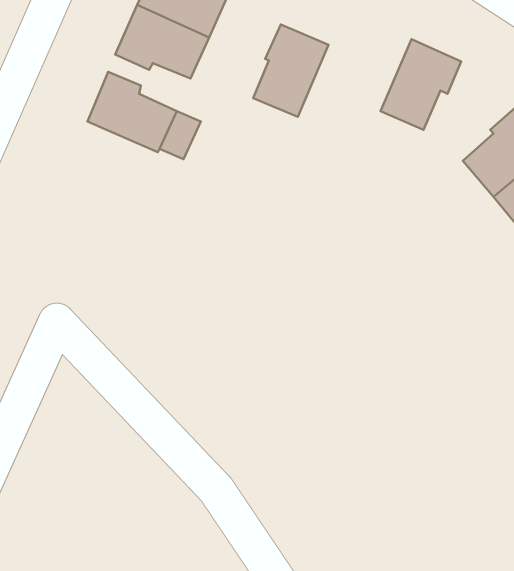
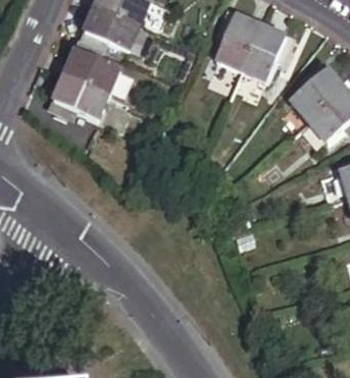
building: [253,24,329,117] -> [213,13,258,68]
building: none -> [52,74,107,118]

